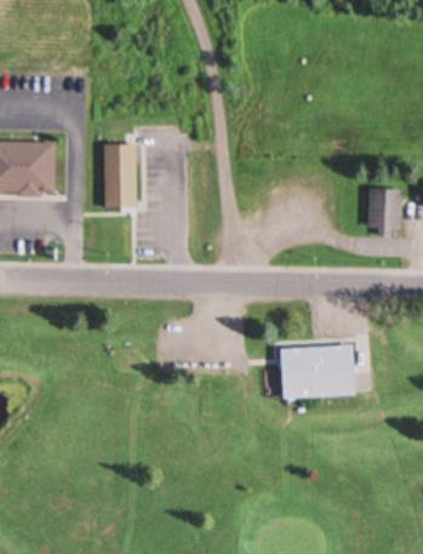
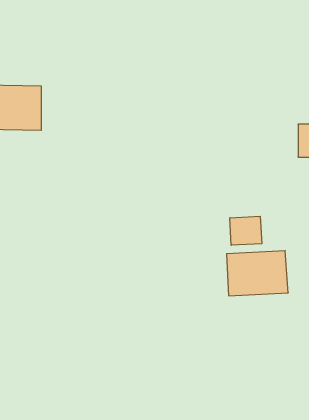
building: [104,142,137,206] -> none
building: none -> [230,216,262,245]

